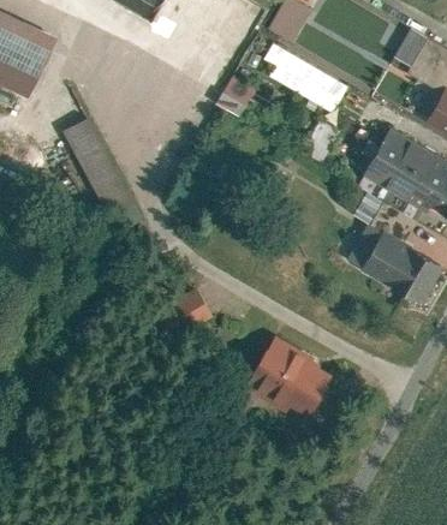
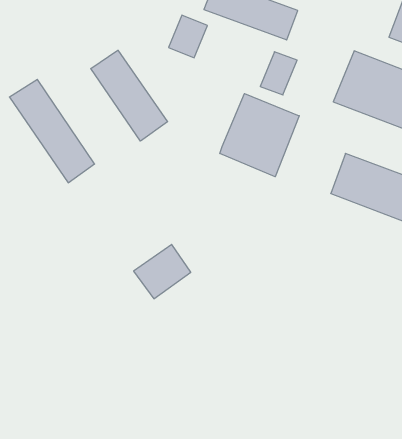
building: none -> [91,50,168,141]
building: none -> [220,94,299,177]
building: [244,336,333,422] -> none

